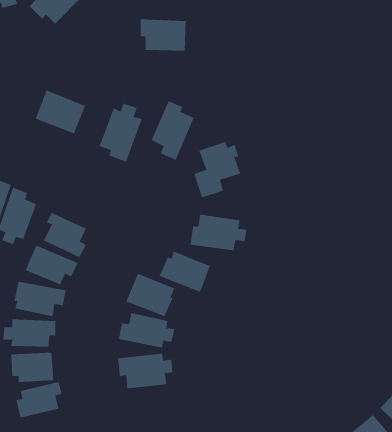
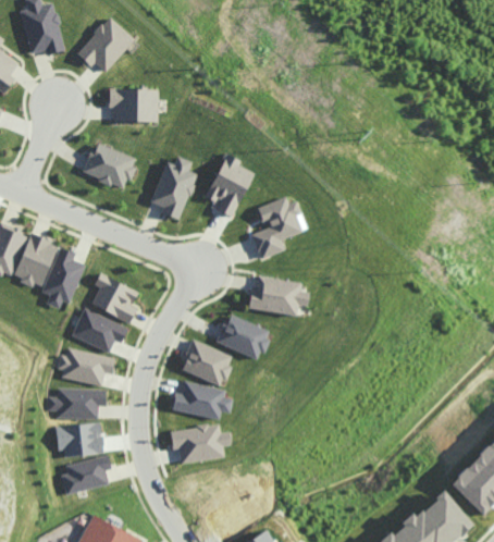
building: [140,19,187,51] -> [108,87,158,122]

